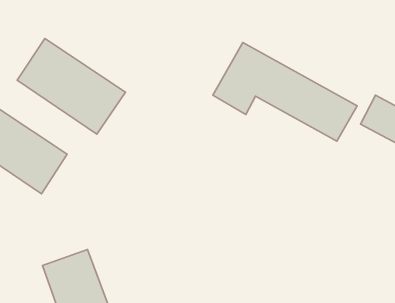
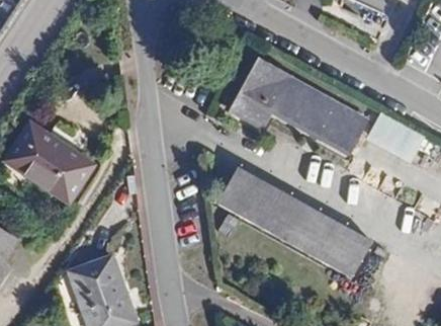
building: [17,39,126,134] -> none
building: none -> [217,167,372,277]

